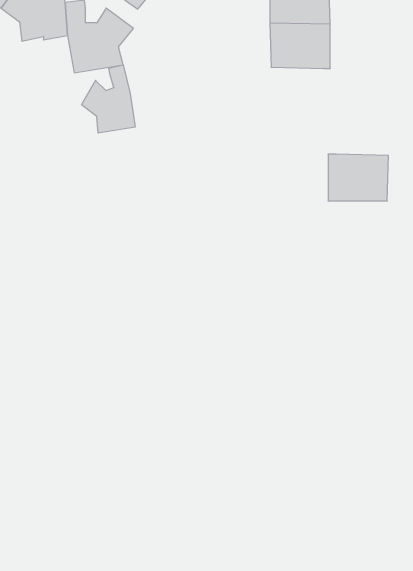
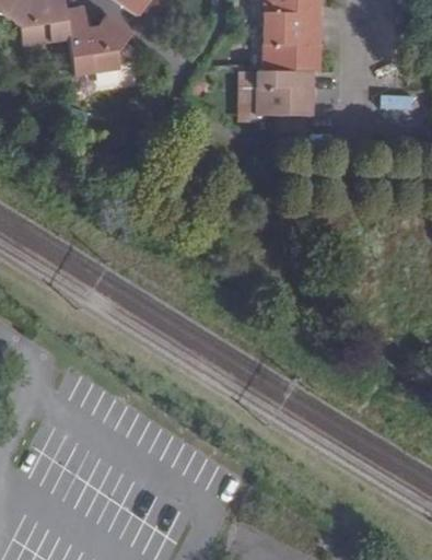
building: [82,65,135,133] -> none
building: [328,154,388,201] -> [255,70,313,115]

